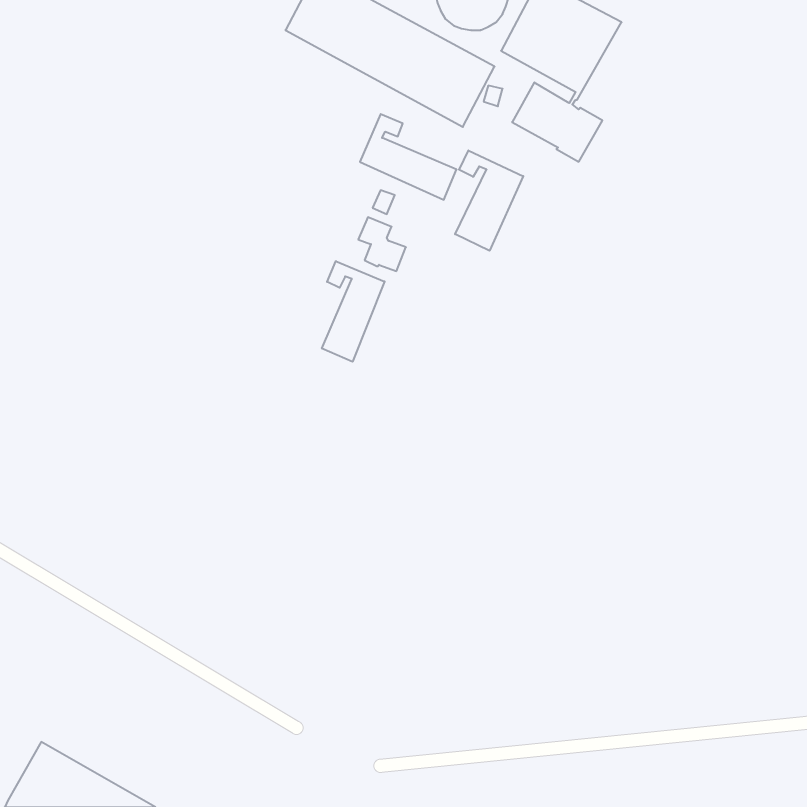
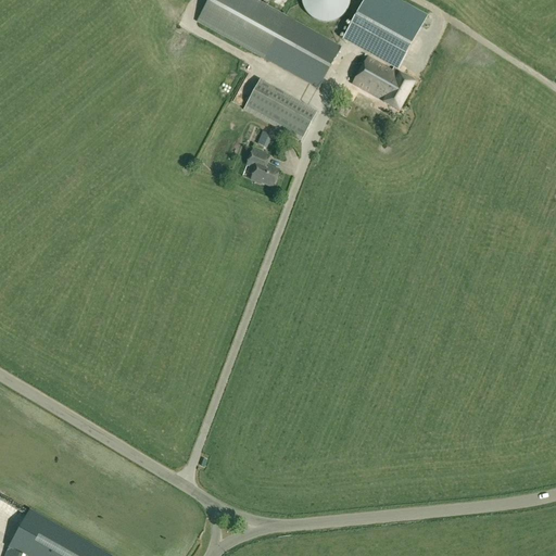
building: [455,150,523,251] -> none
building: [322,261,385,362] -> none

